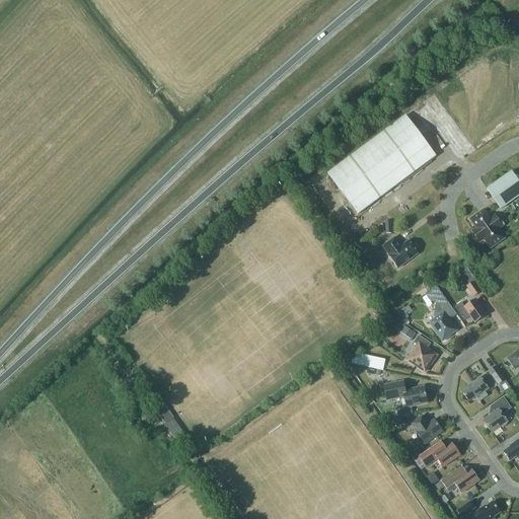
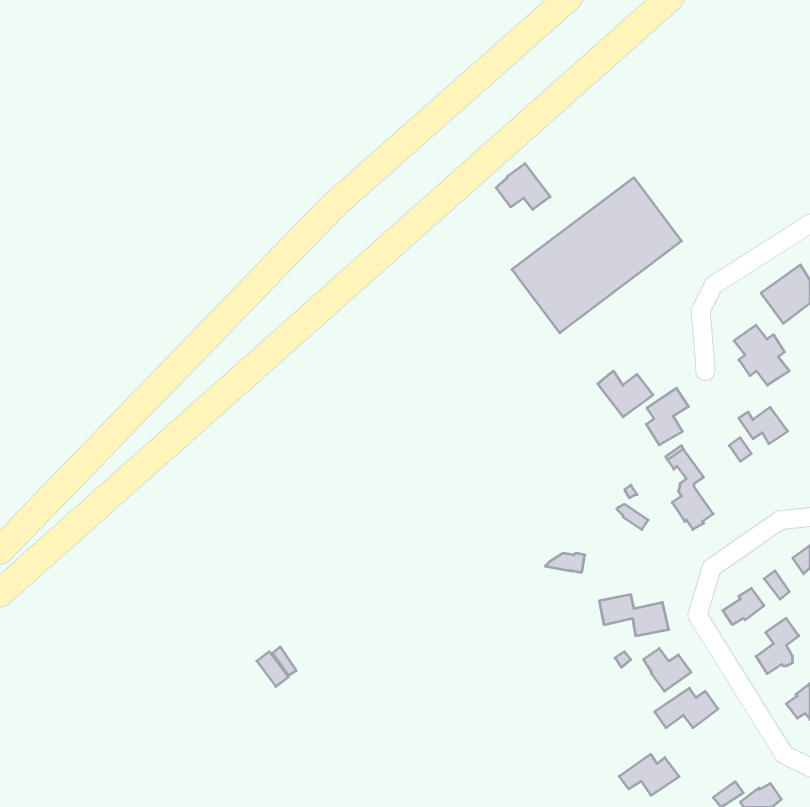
building: none -> [496,163,550,210]
building: none -> [646,388,689,445]
building: [455,298,487,321] -> [739,407,788,444]
building: [407,335,437,370] -> none
building: [441,465,479,492] -> [619,754,679,795]

